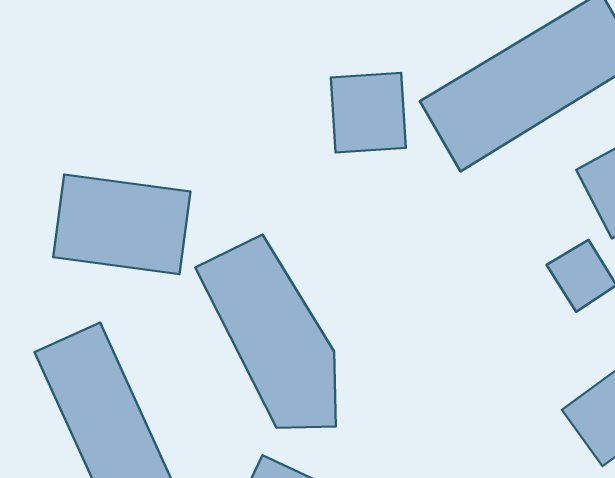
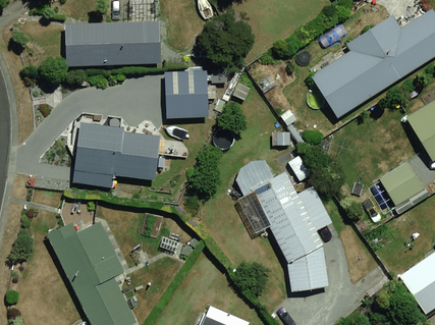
building: none -> [64,20,160,64]
building: [331,73,406,152] -> [158,68,207,120]
building: [195,235,336,428] -> [237,170,329,296]

